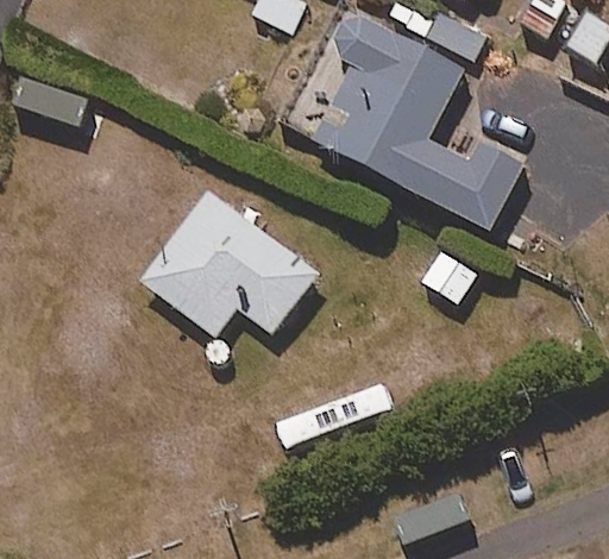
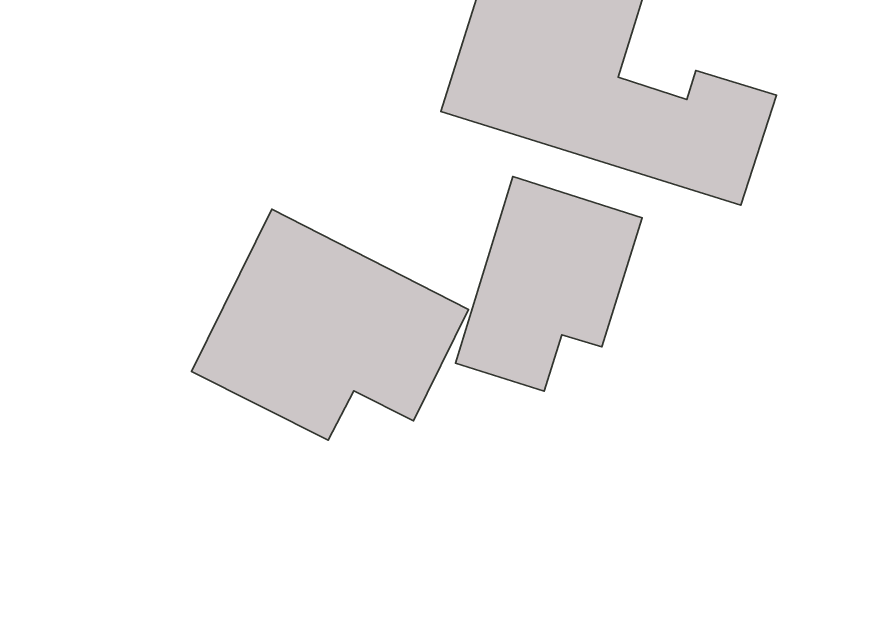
building: none -> [456,176,642,391]

